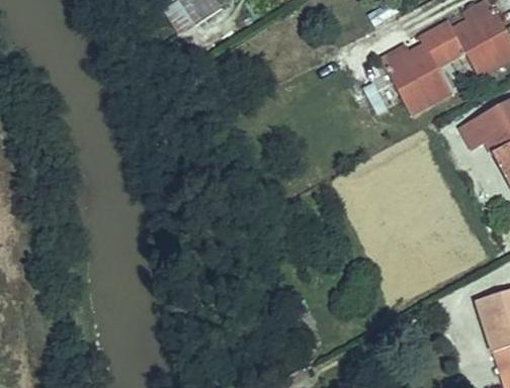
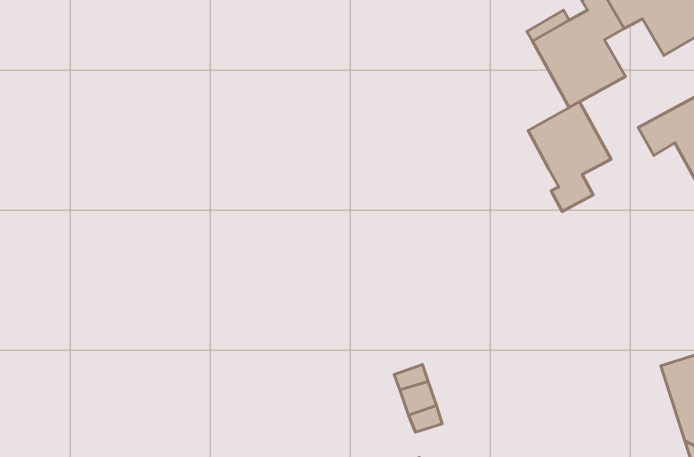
building: none -> [528,102,611,211]

